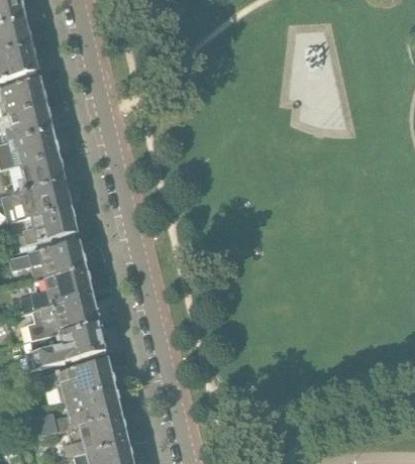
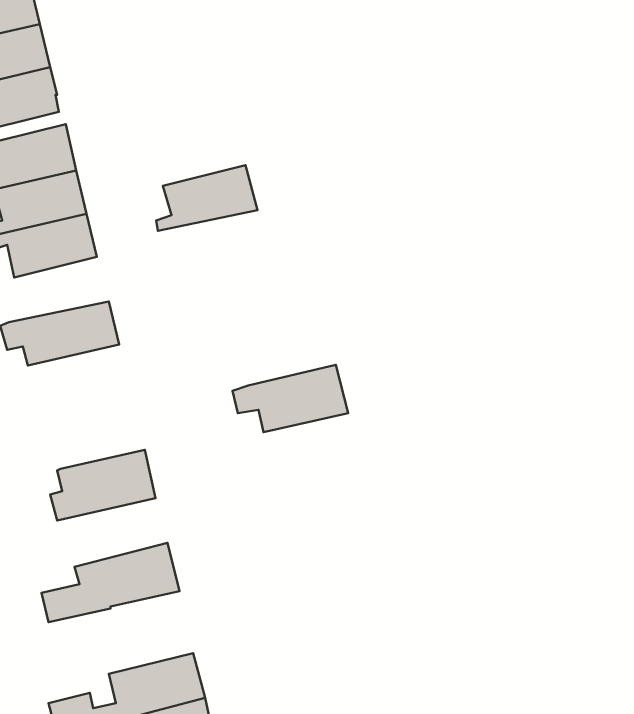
building: [7,157,67,196] -> [156,165,258,231]
building: [13,209,79,248] -> none
building: [20,242,88,281] -> [233,365,348,432]
building: [28,299,101,341] -> none
building: [41,361,116,401] -> none

